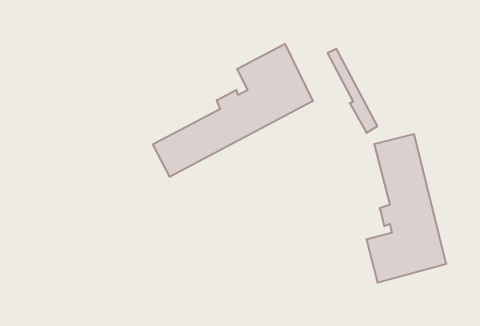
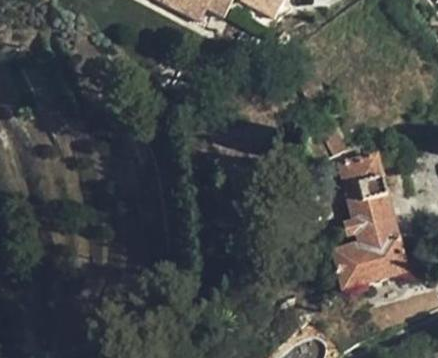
building: [153,44,313,177] -> none

